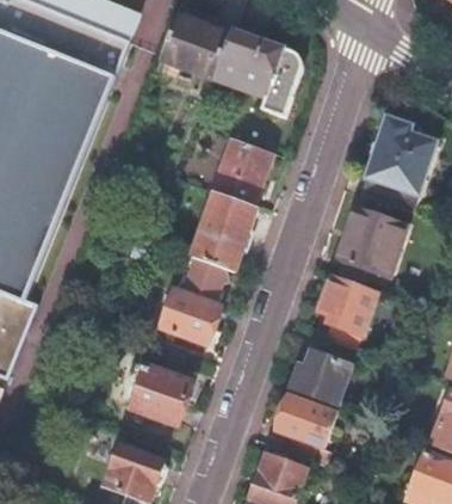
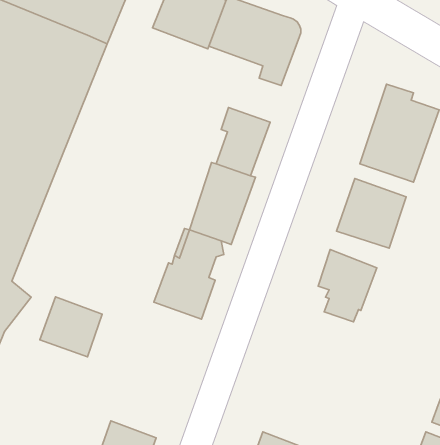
building: [290,350,351,404] -> none
building: [130,365,191,424] -> [40,297,102,357]
building: [273,392,336,448] -> none

